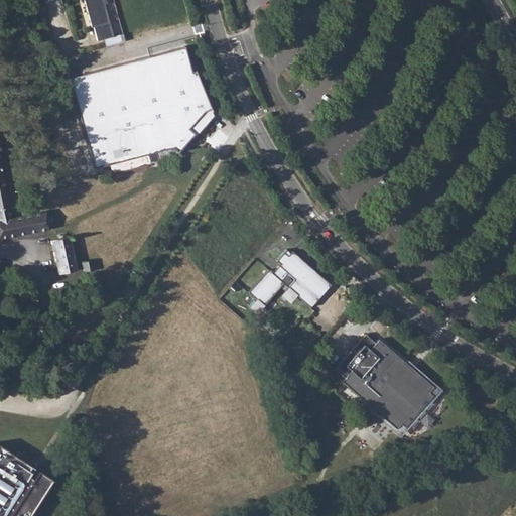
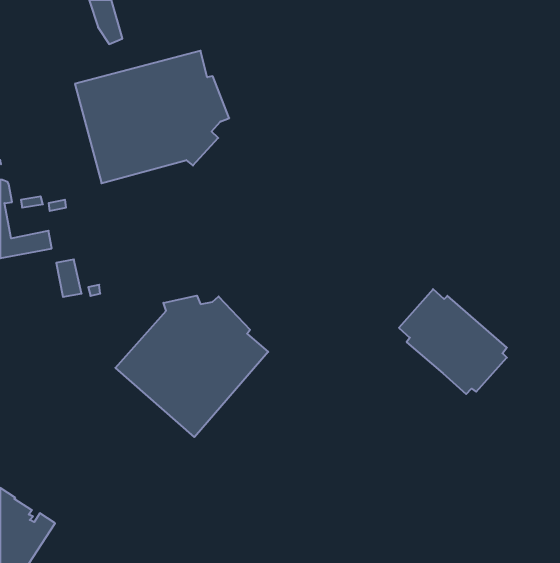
building: [251,250,333,308] -> none
building: none -> [115,296,268,437]
building: [337,334,435,429] -> [399,289,507,394]

